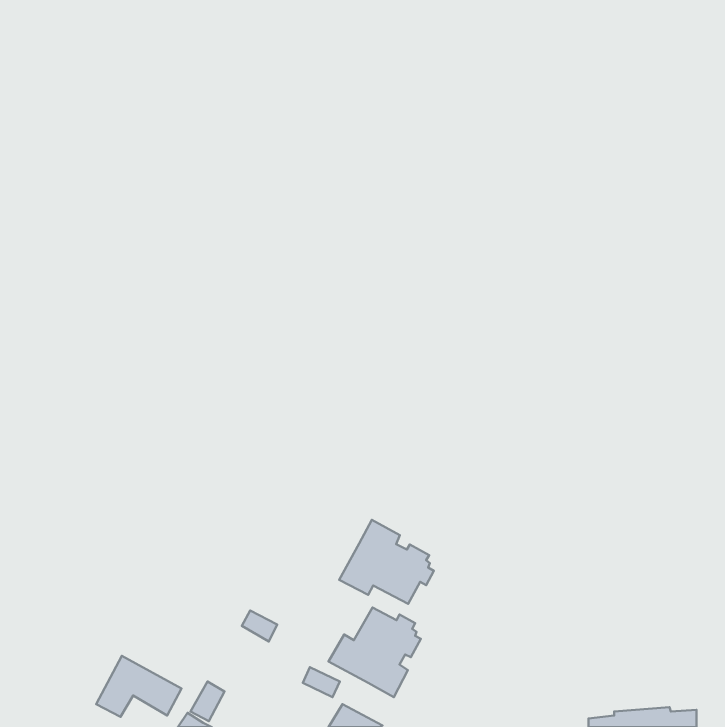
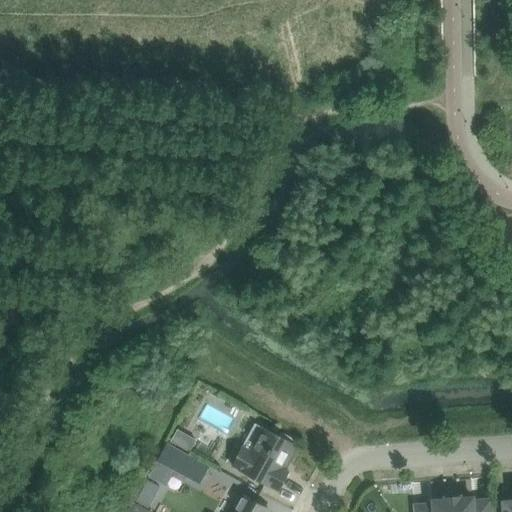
building: [339,520,434,604] -> none
building: [96,656,181,717] -> [147,441,207,484]

